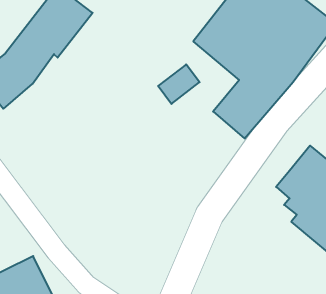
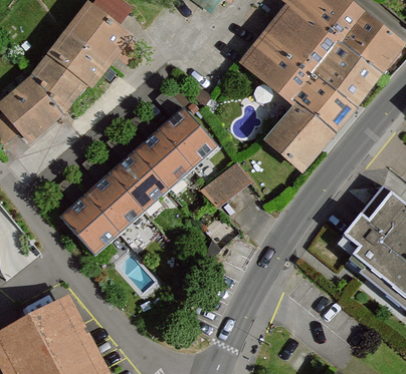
building: [158,64,200,104] -> [204,160,250,205]
building: none -> [51,111,206,257]

